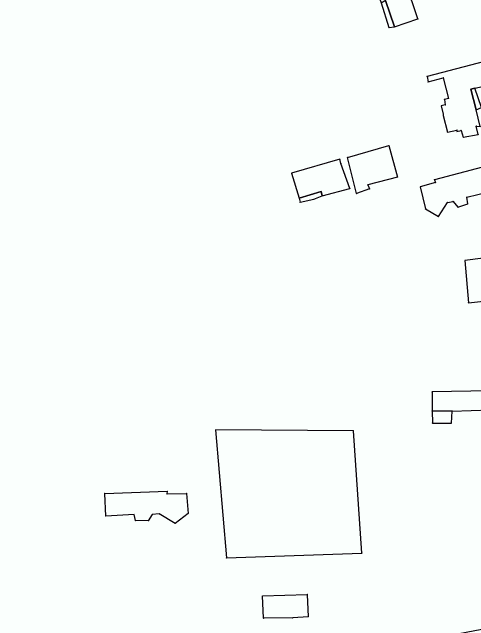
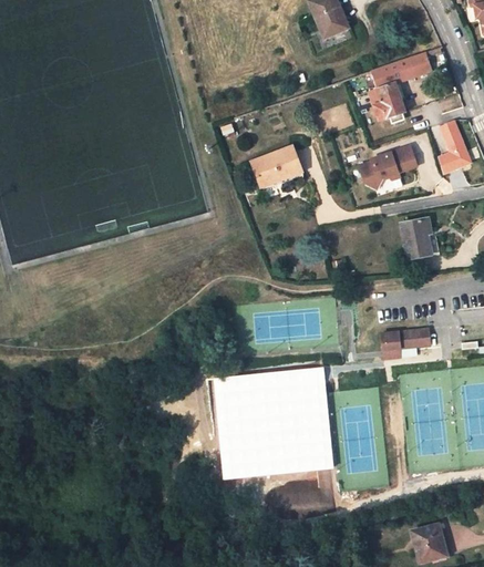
building: [348,146,397,194] -> none
building: [105,491,188,523] -> none
building: [263,594,308,618] -> none

